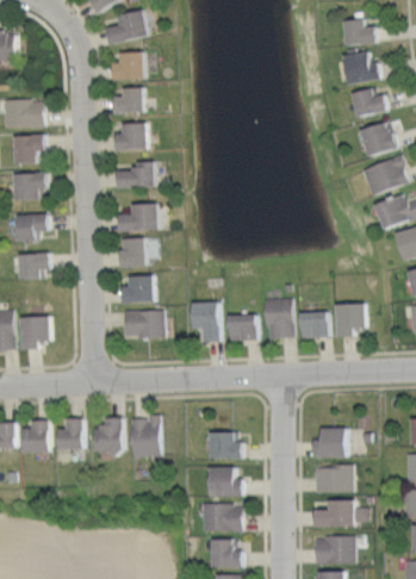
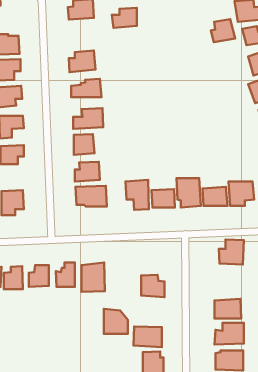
building: none -> [211,19,235,42]
building: [111,87,145,114] -> [112,8,137,28]
building: [313,428,348,462] -> [219,239,244,264]
building: [211,466,244,500] -> [104,309,128,334]

